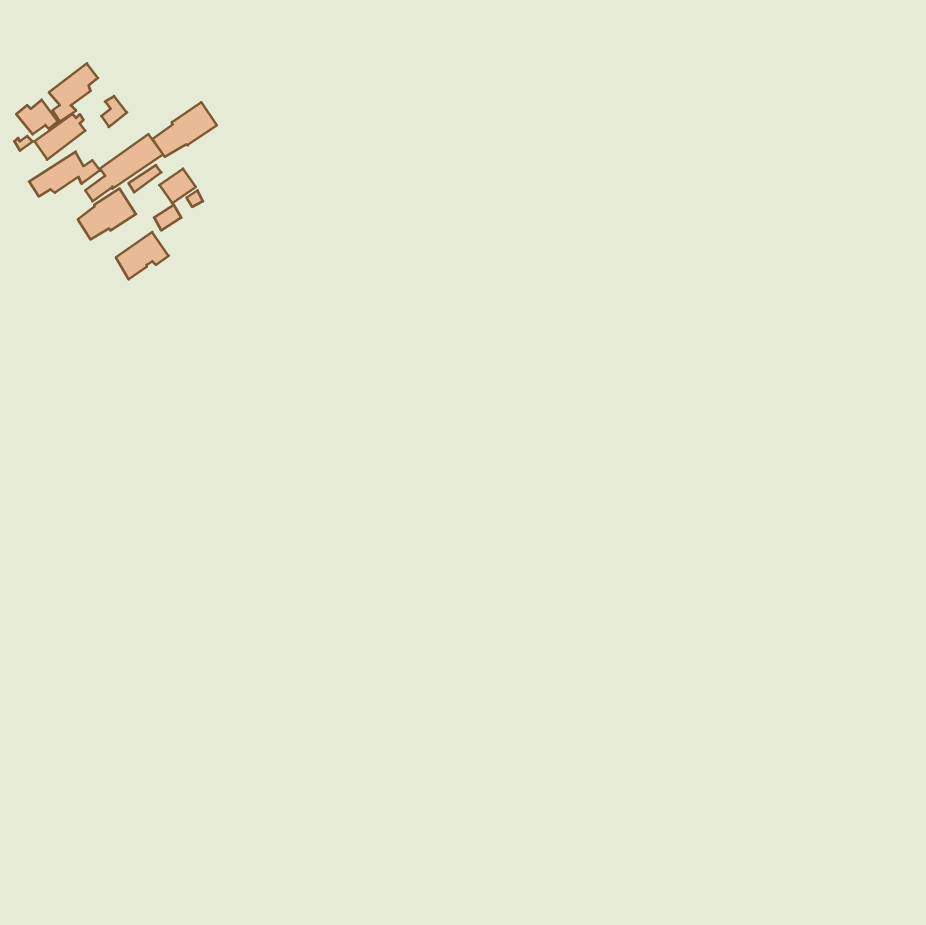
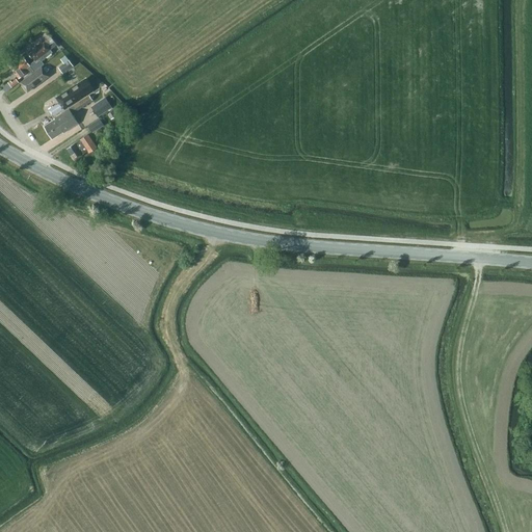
building: [153,102,217,157] -> none
building: [29,152,100,196] -> none

